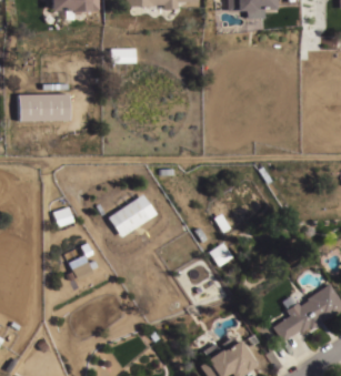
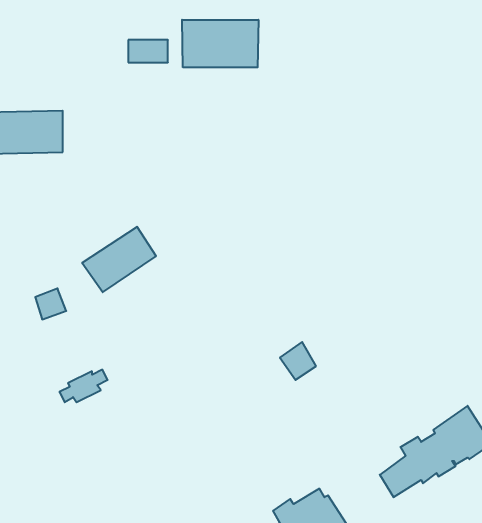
building: none -> [182,20,258,67]
building: [108,194,156,236] -> [82,227,156,292]

